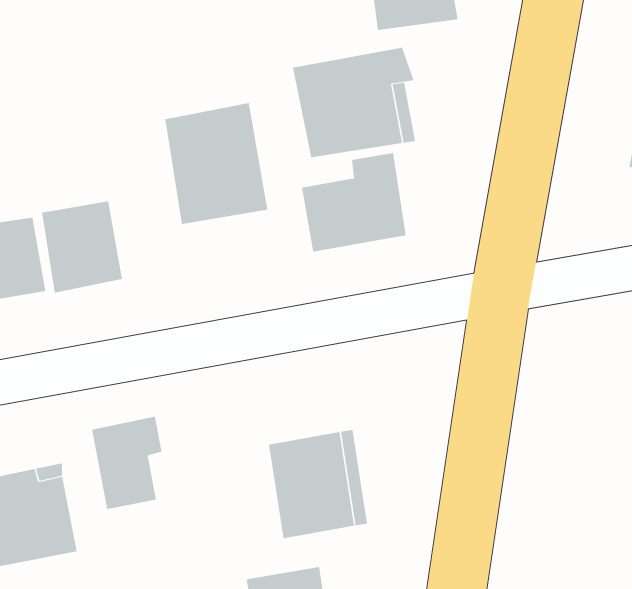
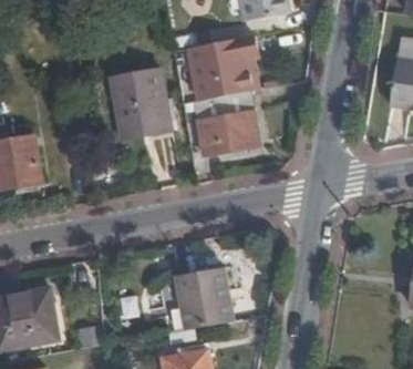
building: [42,201,122,294] -> none
building: [92,416,162,510] -> none

